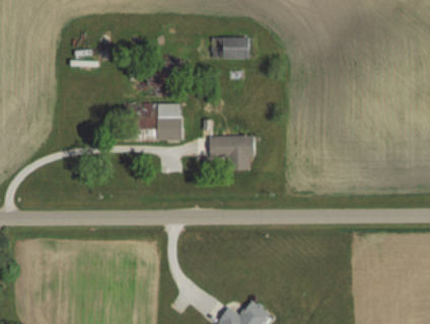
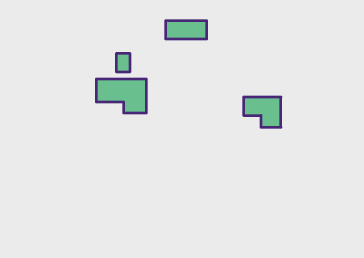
building: [210,136,252,169] -> [244,97,281,127]

